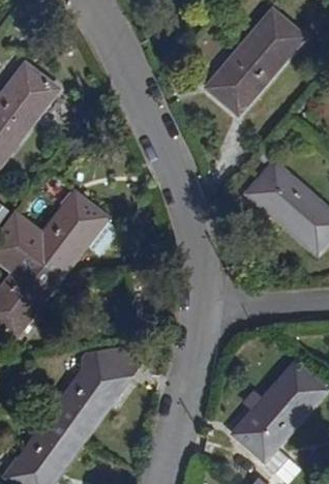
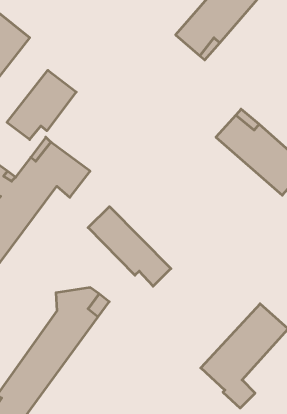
building: none -> [7,70,76,140]
building: none -> [88,207,171,286]

